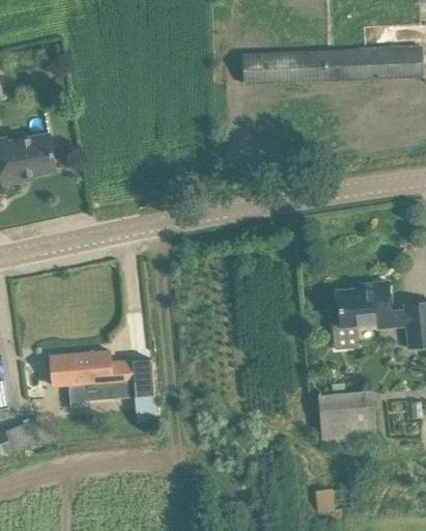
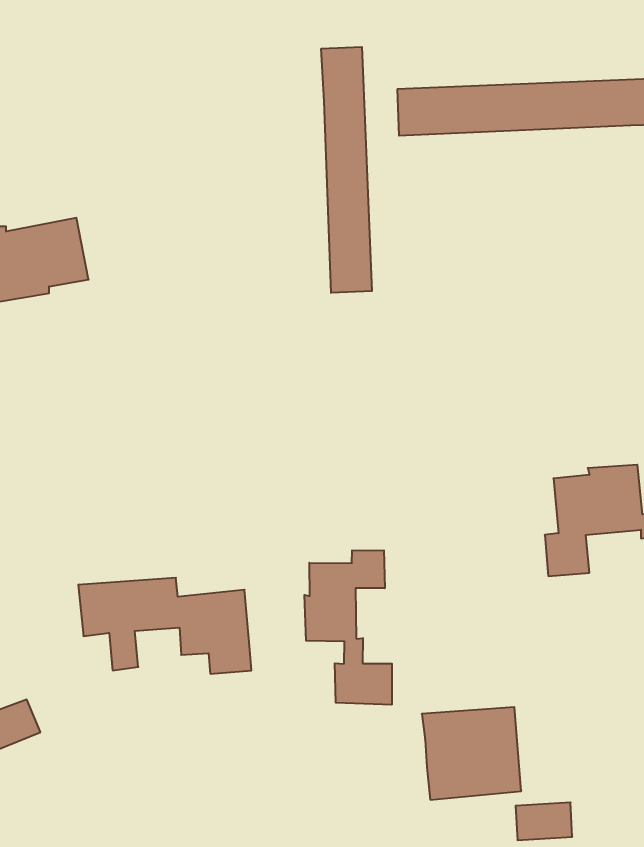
building: none -> [321,47,372,293]
building: none -> [304,550,392,705]
building: [318,390,378,446] -> [422,707,521,800]

